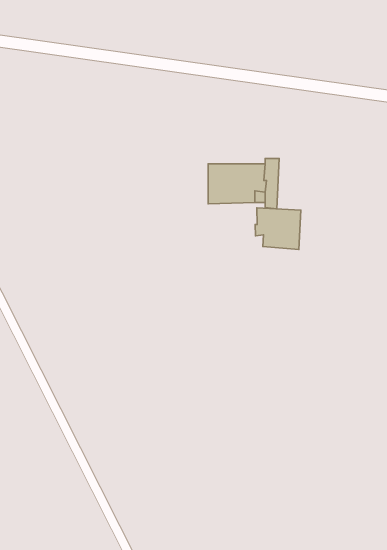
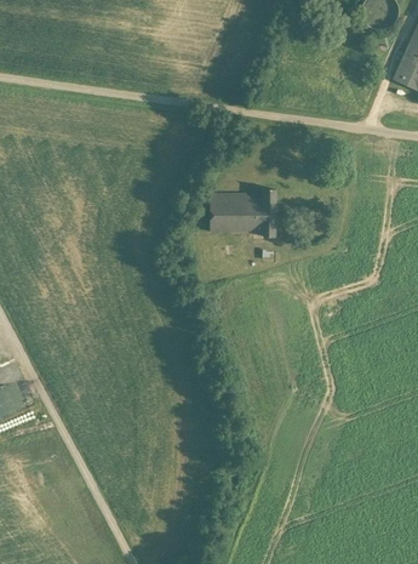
building: [255,208,301,249] -> none

